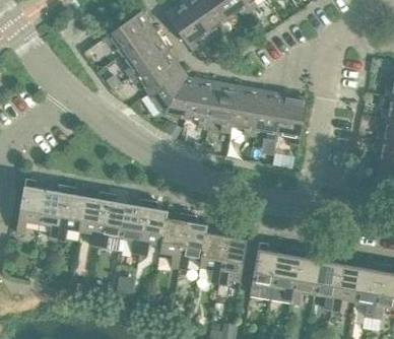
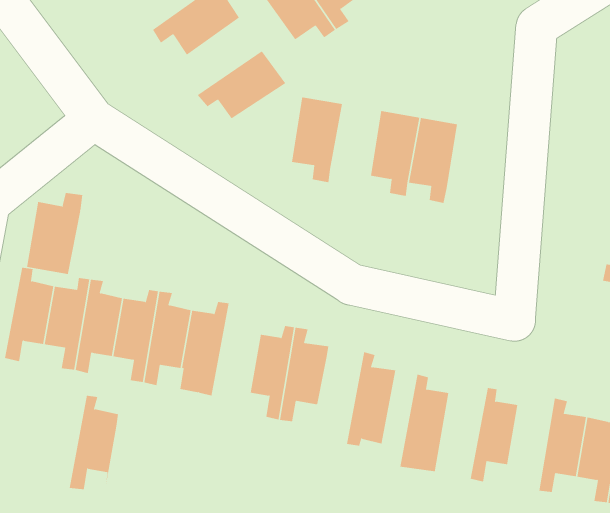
building: [123,31,168,77] -> none
building: [149,70,191,117] -> none
building: [208,82,238,133] -> none
building: [277,94,307,145] -> none
building: none -> [26,192,83,275]
building: [138,200,168,256] -> [69,395,119,490]
building: [199,227,227,283] -> none
building: [270,248,301,303] -> none
building: [313,255,340,311] -> none

